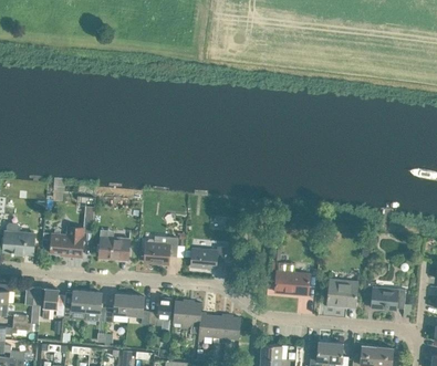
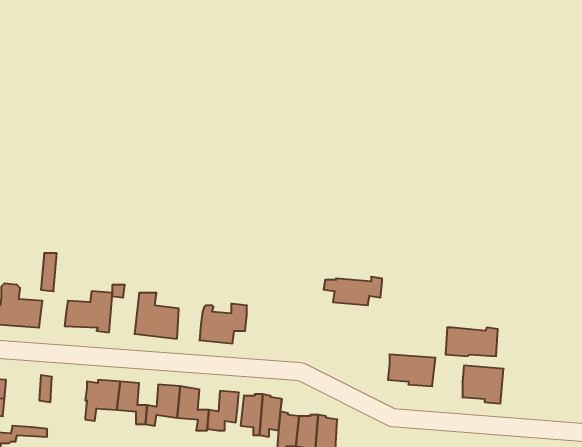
building: [184,248,225,268] -> [323,277,382,305]
building: [42,287,65,318] -> none
building: [368,287,405,307] -> [446,328,498,356]

